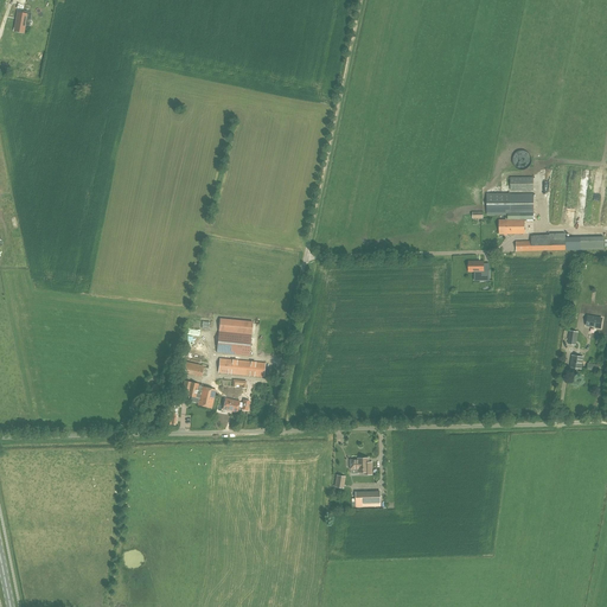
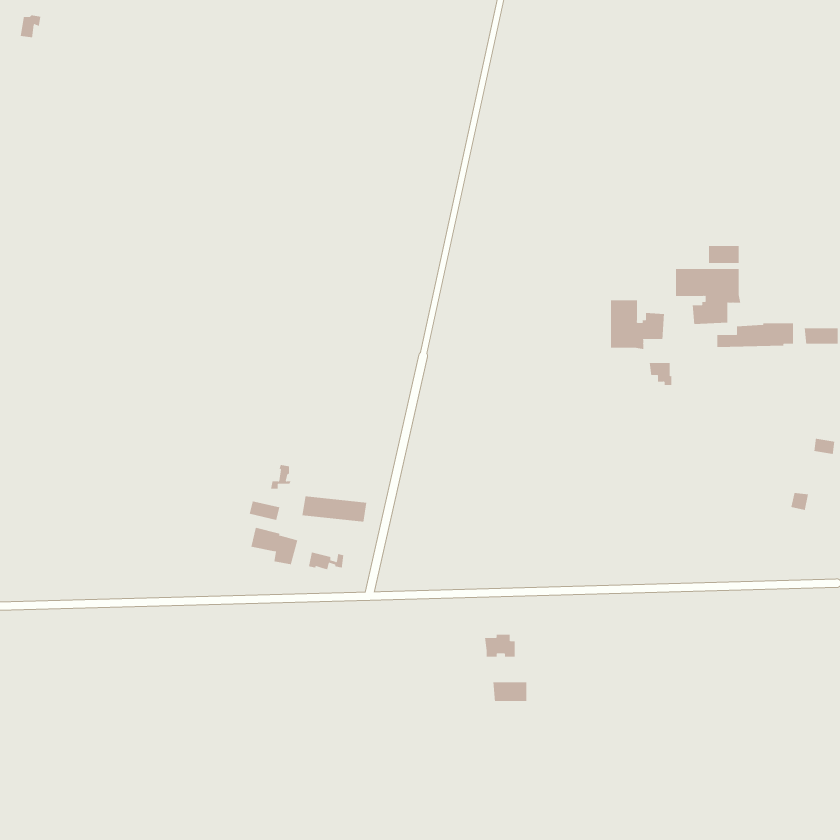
building: none -> [610,300,665,350]
building: [216,318,251,354] -> none

